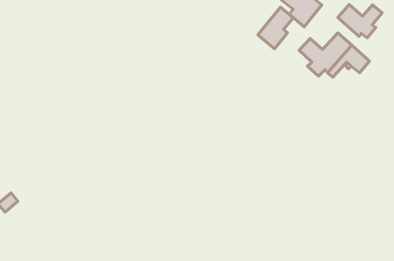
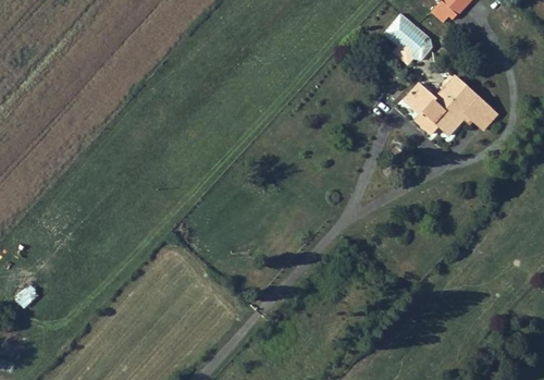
building: [338,5,382,38] -> none
building: [258,7,293,49] -> none

